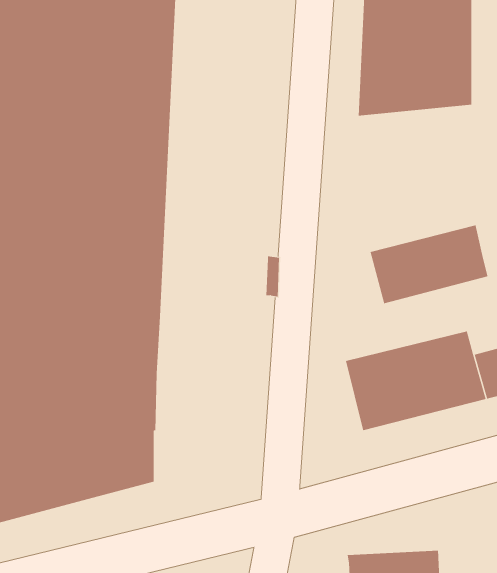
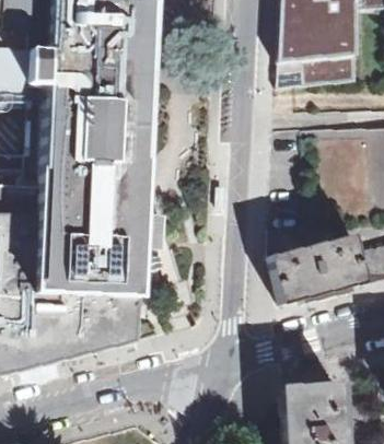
building: [370,224,488,304] -> none

